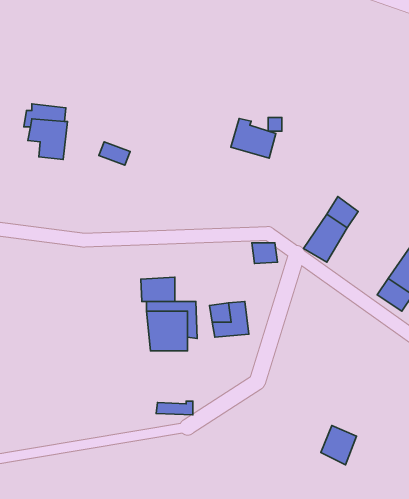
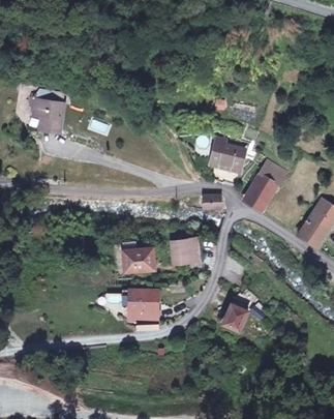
building: [231,118,276,158] -> [212,139,246,169]
building: [141,277,175,302] -> none
building: none -> [130,293,153,317]
building: [321,425,356,465] -> [221,304,248,334]

